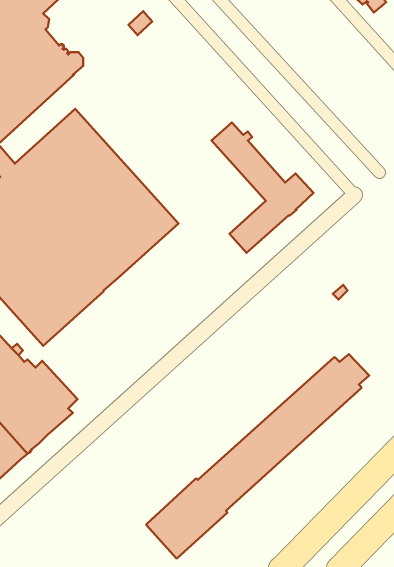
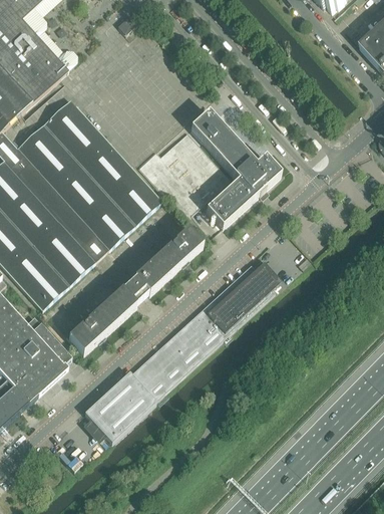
building: none -> [66,227,203,354]
building: [147,354,369,558] -> [85,261,282,442]

